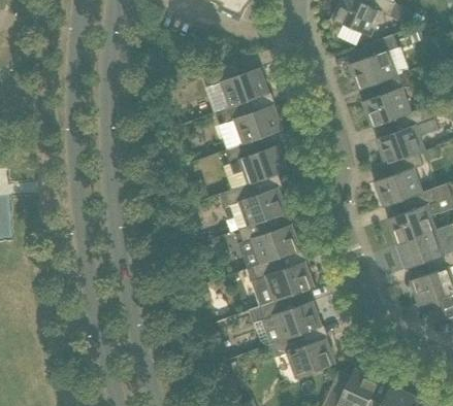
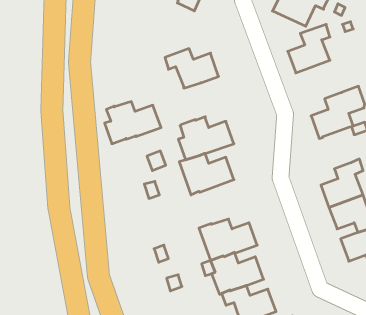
building: [363,71,412,127] -> none
building: [219,100,284,148] -> [105,102,161,144]
building: [375,151,423,206] -> none
building: [234,218,301,267] -> none

